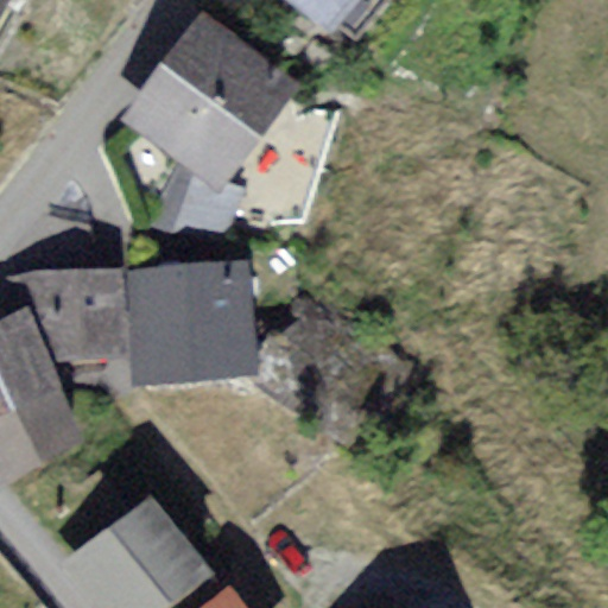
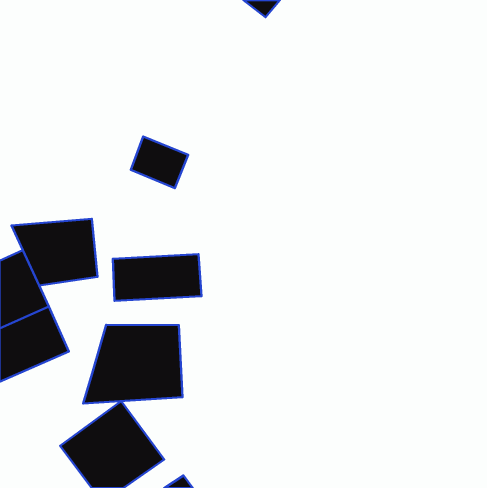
building: [134,19,290,177] -> none
building: [137,266,247,322] -> none
building: none -> [83,325,182,403]

